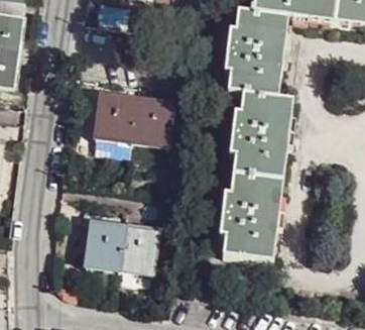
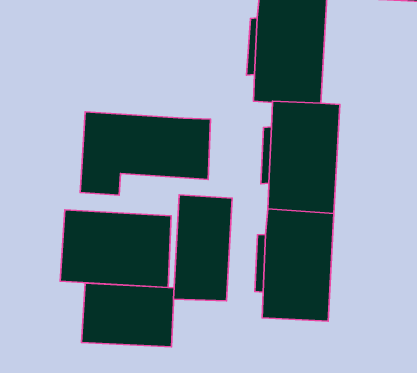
building: none -> [174,195,232,301]
building: none -> [60,210,171,287]

